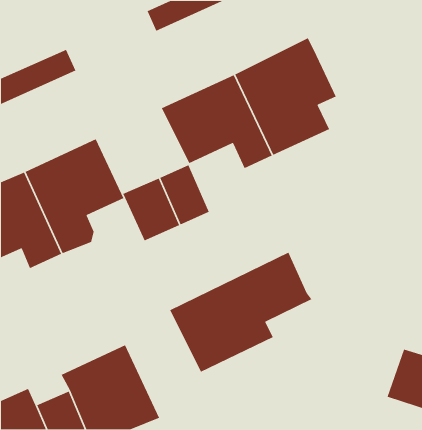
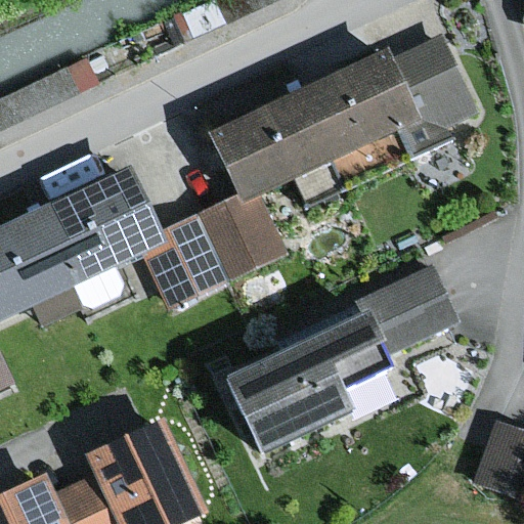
building: none -> [392,37,480,127]
building: none -> [358,265,462,356]

